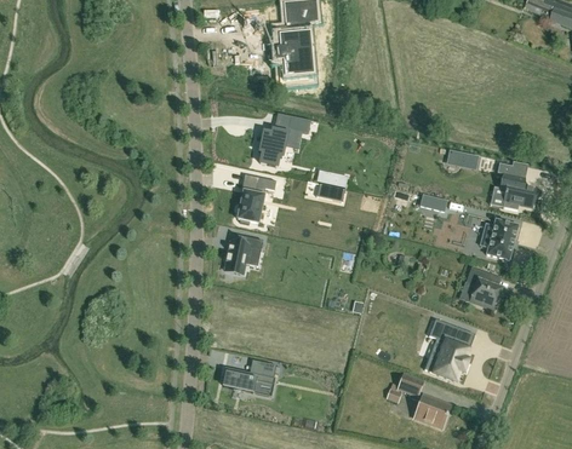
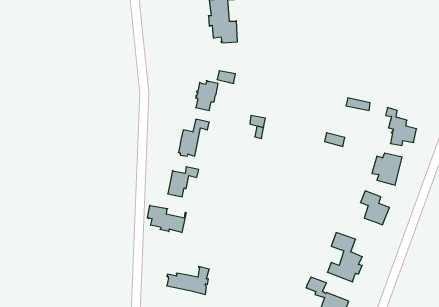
building: none -> [148,205,186,233]

